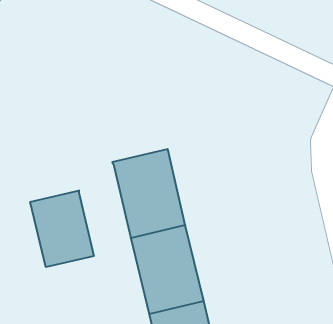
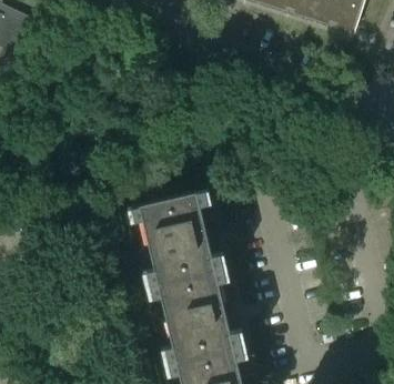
building: [30,190,94,267] -> none

